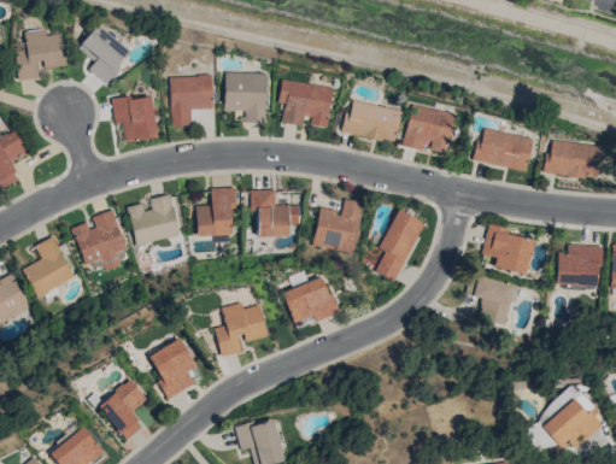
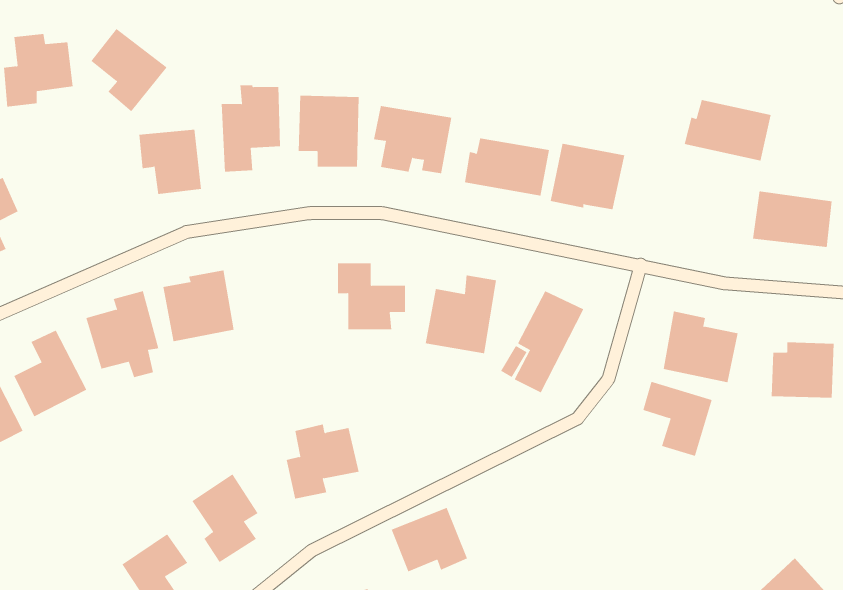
building: [471,128,533,171] -> [684,100,771,161]
building: [196,187,236,236] -> none
building: [283,276,338,322] -> [391,507,468,572]

